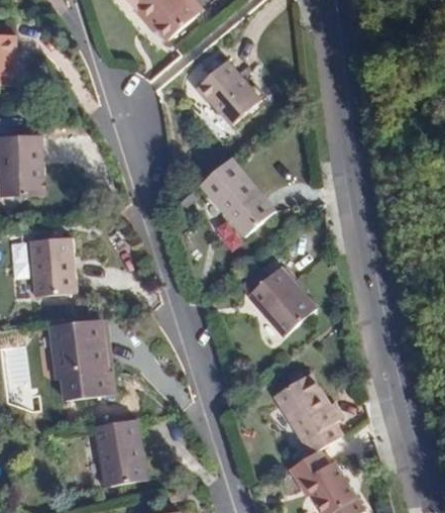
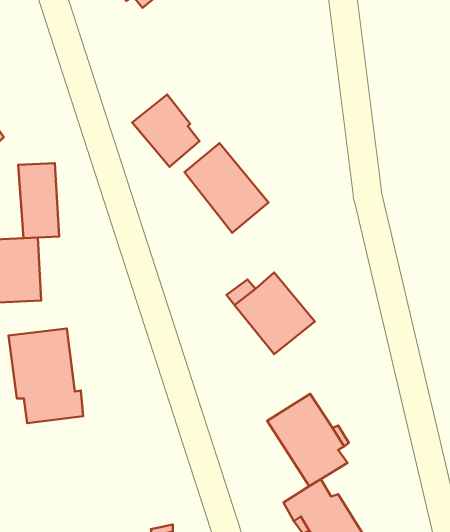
building: [201,60,259,122] -> [132,95,200,167]
building: none -> [18,163,59,238]
building: [92,417,144,485] -> none

